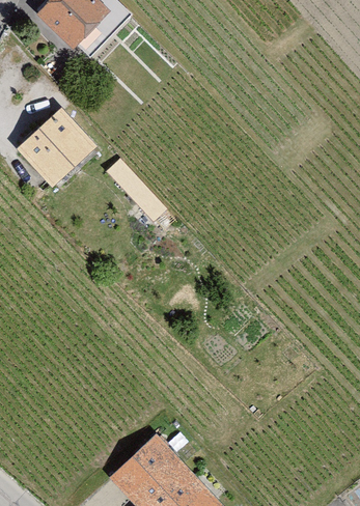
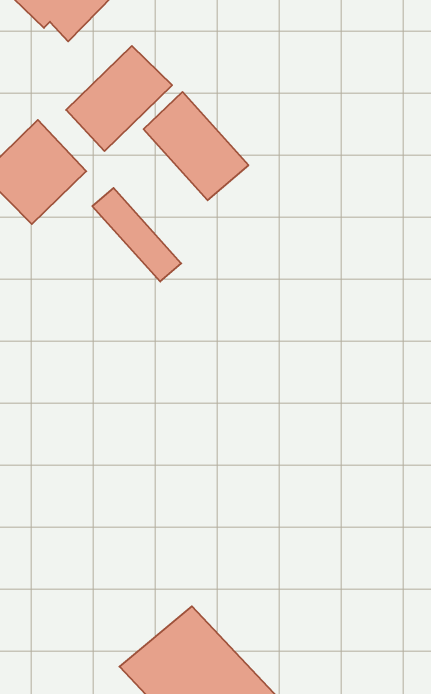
building: none -> [66,46,172,151]
building: none -> [144,92,248,200]

